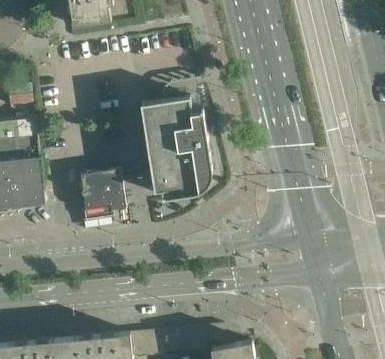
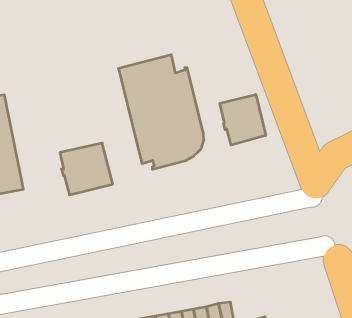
building: none -> [220,94,266,145]

